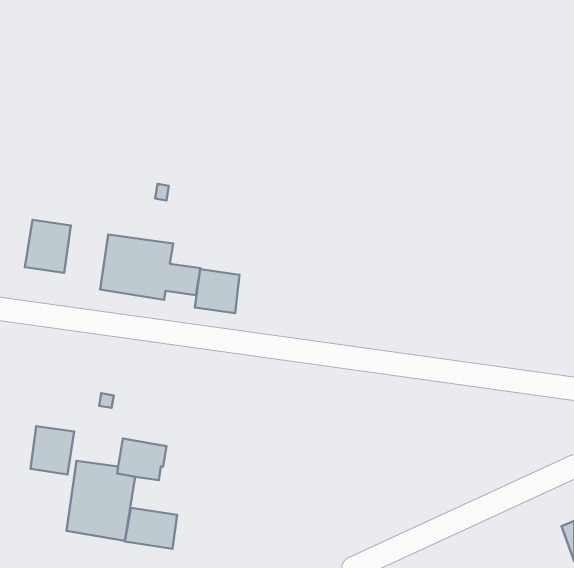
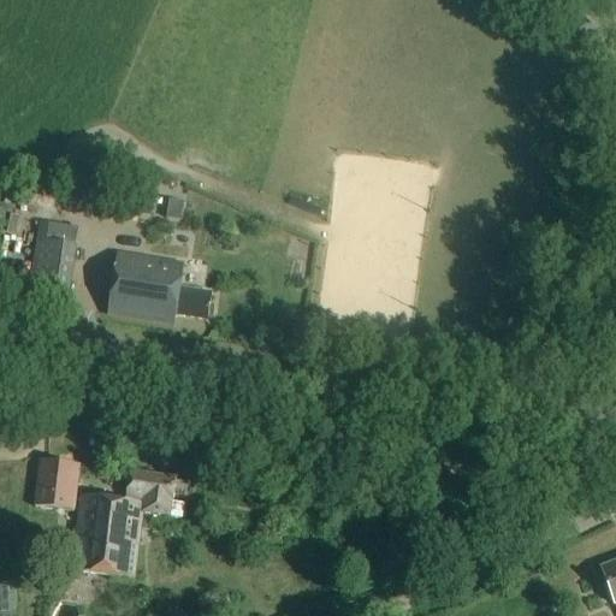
building: [195,269,239,313] -> none
building: [125,508,177,549] -> none

